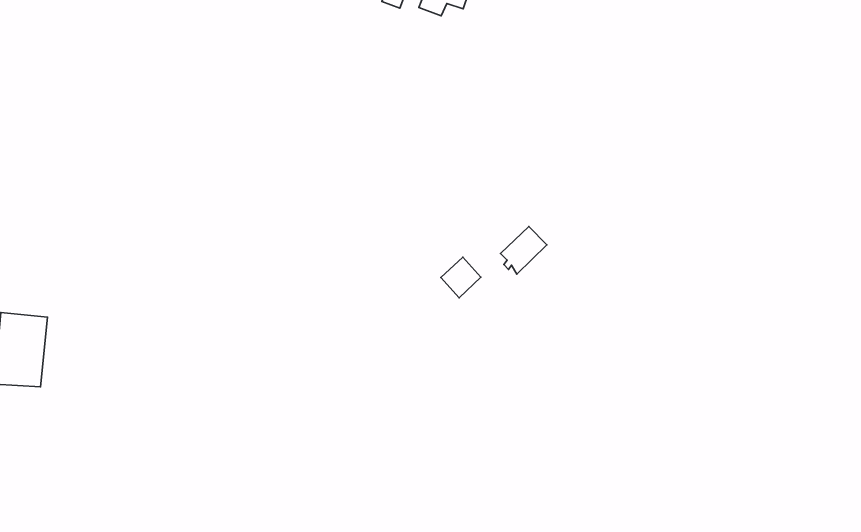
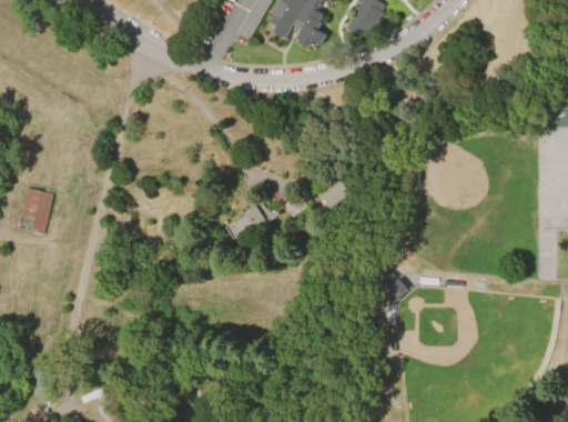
building: none -> [226,195,280,240]

